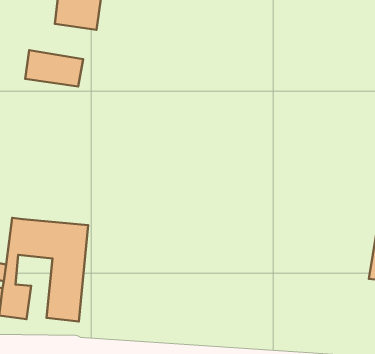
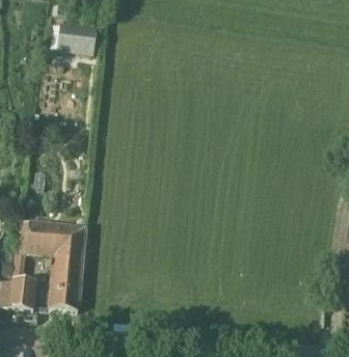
building: [25,50,83,86] -> none

